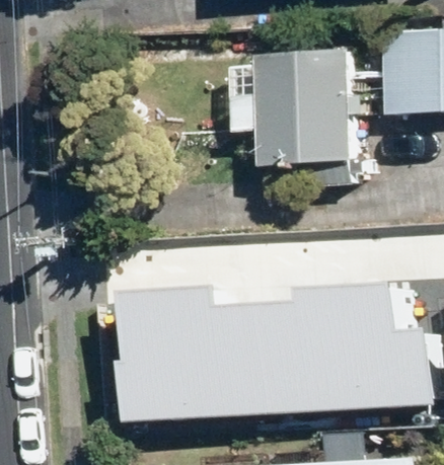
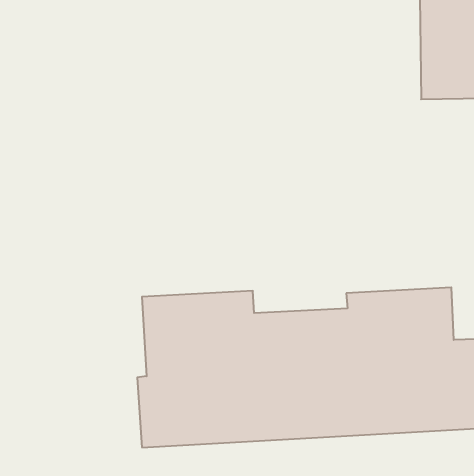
building: [227,48,349,167] -> none

